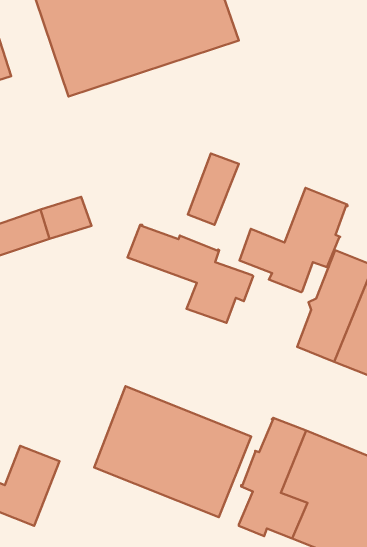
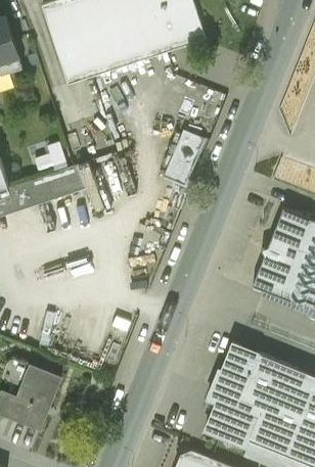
building: [240,188,347,292] -> none
building: [128,225,253,323] -> none
building: [94,386,251,517] -> none

